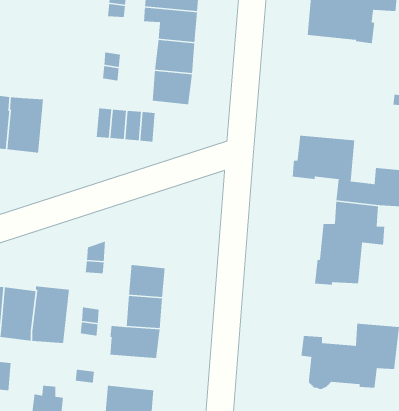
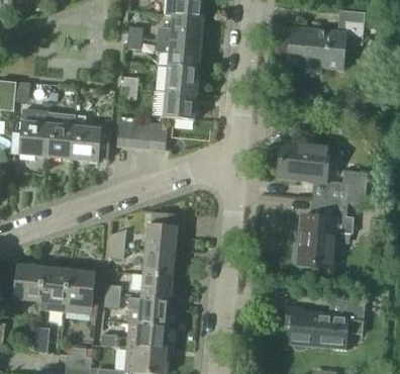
building: none -> [71,114,109,161]
building: none -> [145,212,183,252]
building: none -> [126,322,167,351]

